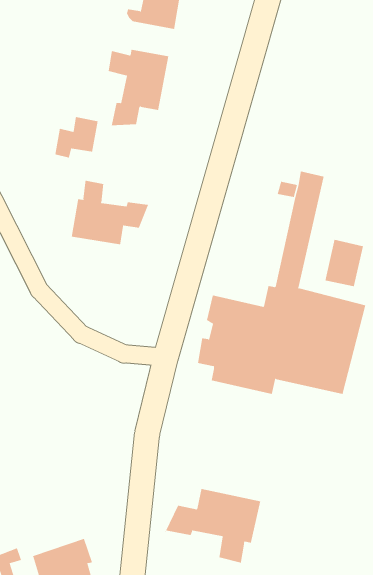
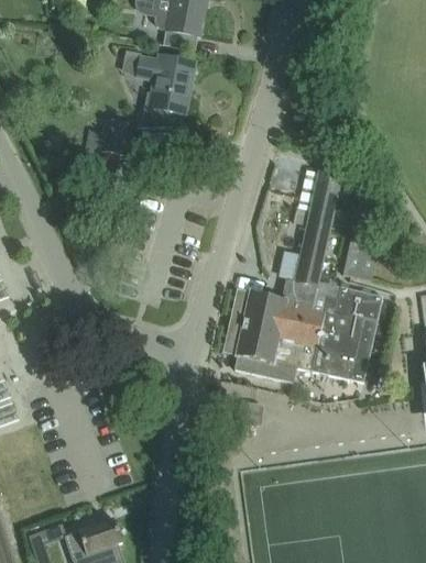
building: [71,180,149,245] -> none
building: [165,488,261,563] -> none

